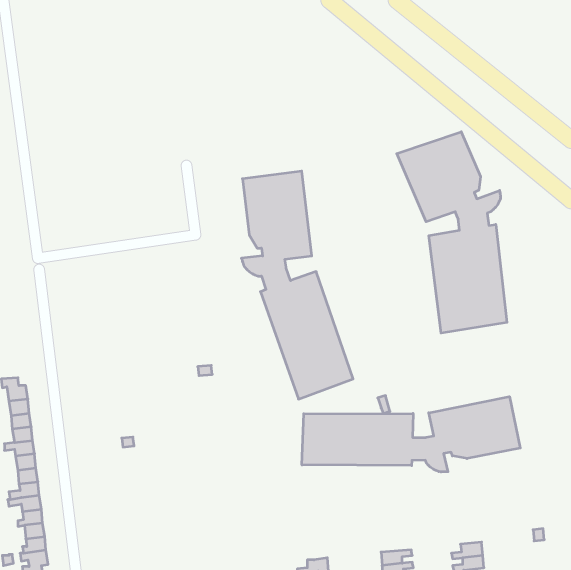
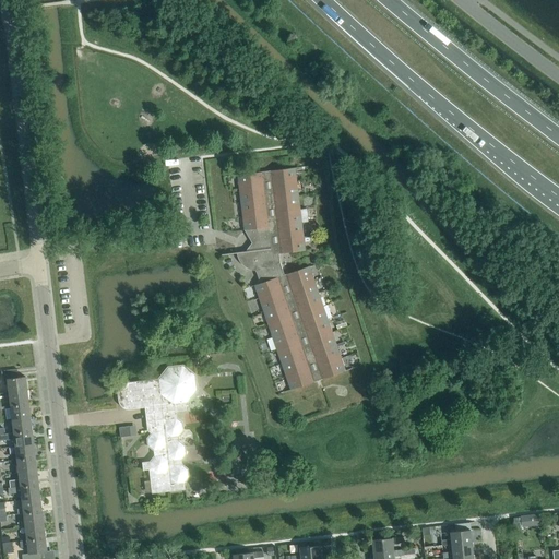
building: [397,132,507,333] -> none
building: none -> [117,368,197,495]
building: [302,397,520,472] -> none

